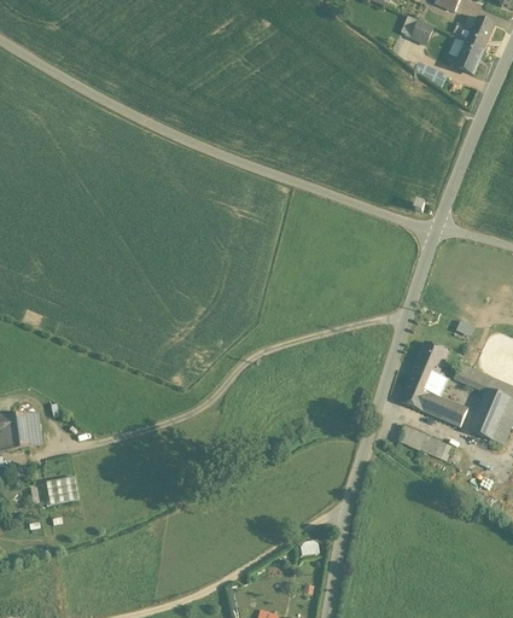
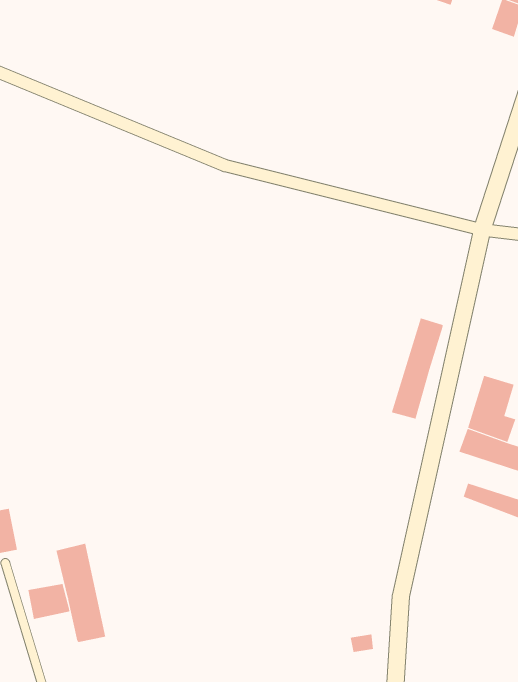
building: none -> [391,317,443,419]
building: none -> [56,543,106,643]

